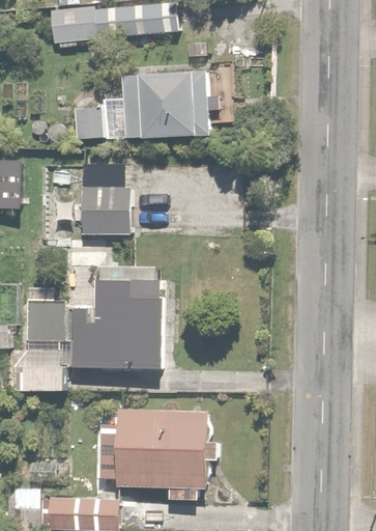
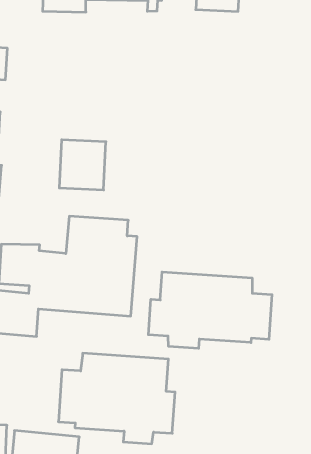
building: [74,66,222,140] -> none
building: none -> [148,272,272,348]

